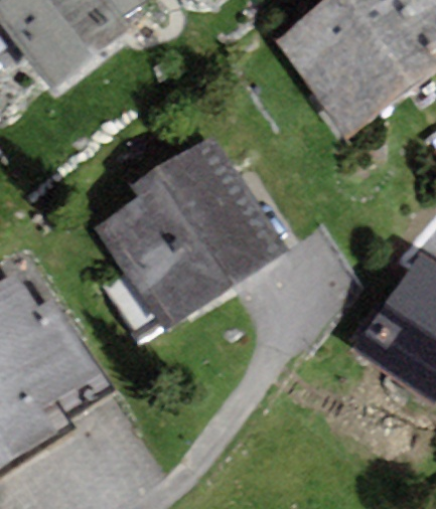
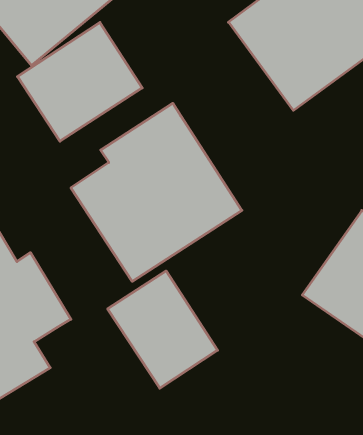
building: none -> [17,22,142,141]
building: none -> [108,271,218,388]

